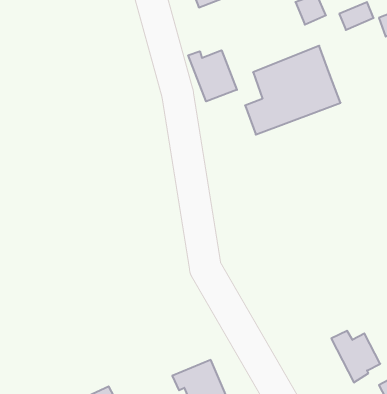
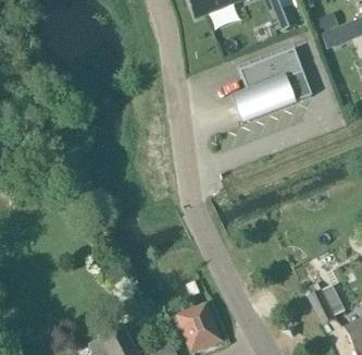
building: [188,50,237,101] -> none

